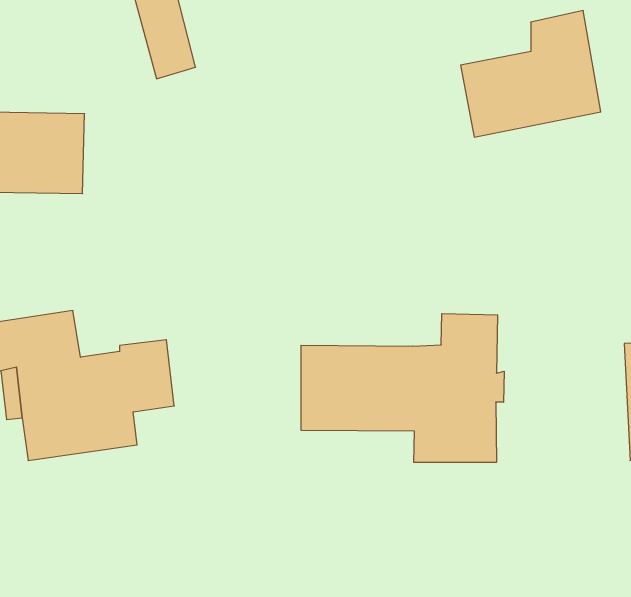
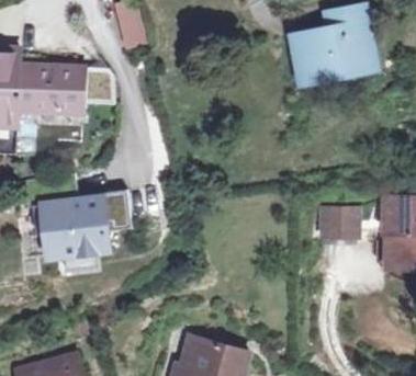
building: [301,314,504,462] -> none
building: none -> [321,206,356,240]

